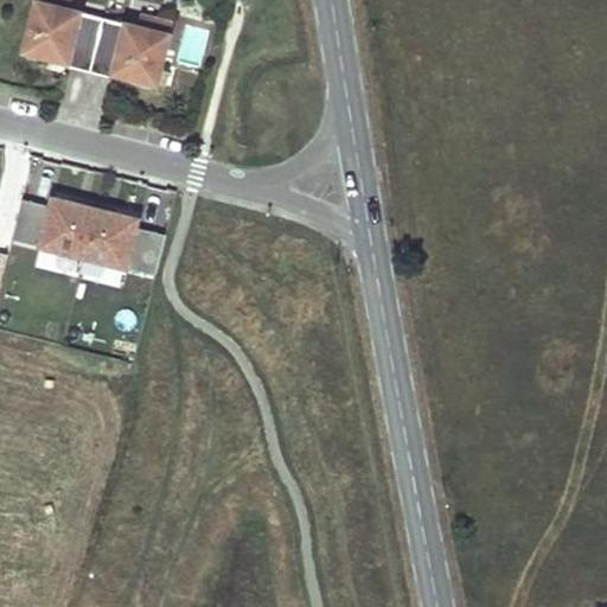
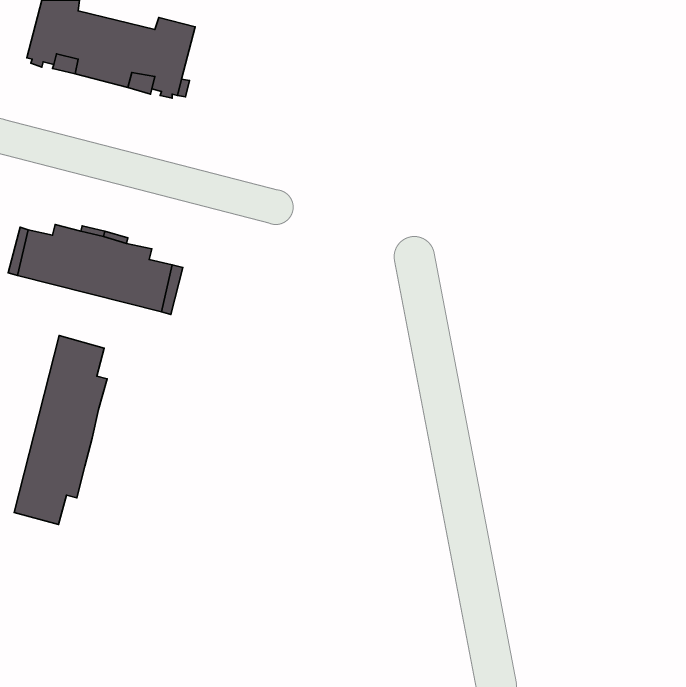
building: none -> [14,335,107,524]

